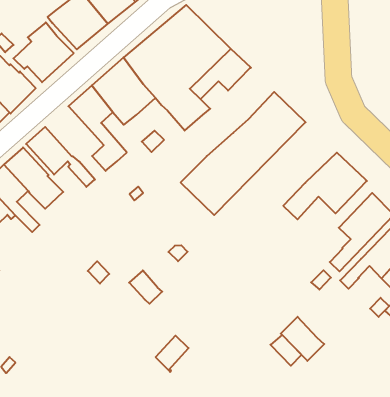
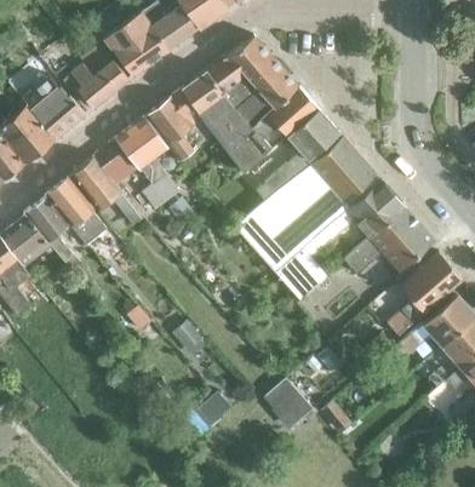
building: none -> [256,108,342,200]
building: none -> [92,136,142,190]
building: none -> [268,171,405,300]
building: [281,317,324,361] -> [267,377,313,425]

